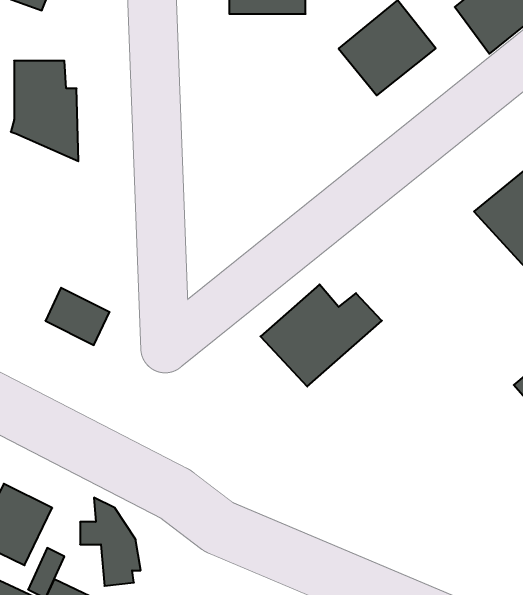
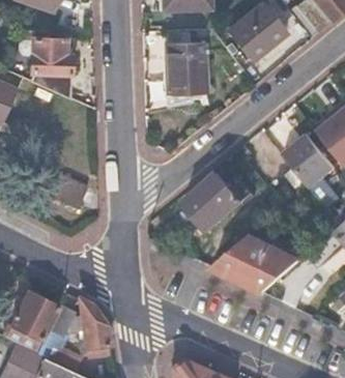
building: none -> [164,43,206,94]
building: none -> [276,129,333,187]
building: none -> [213,235,300,292]

